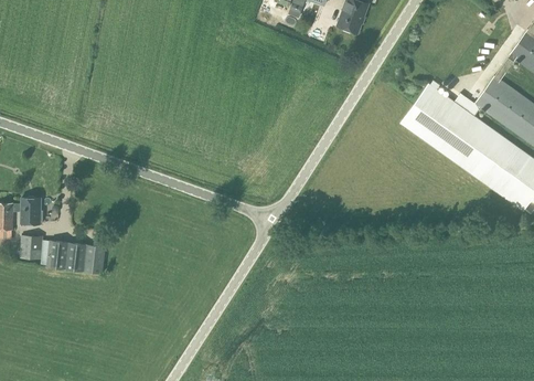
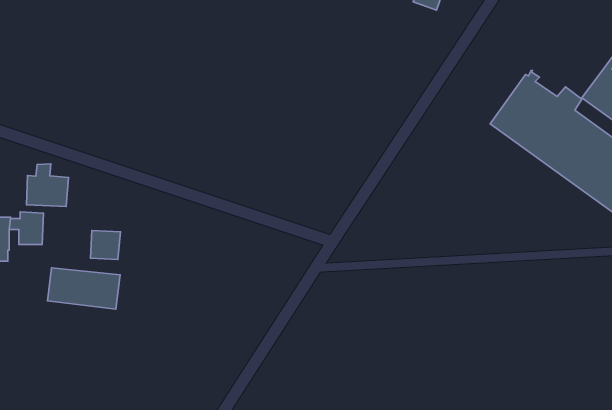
building: none -> [27,164,69,206]
building: [20,235,44,258] -> [90,231,121,259]

